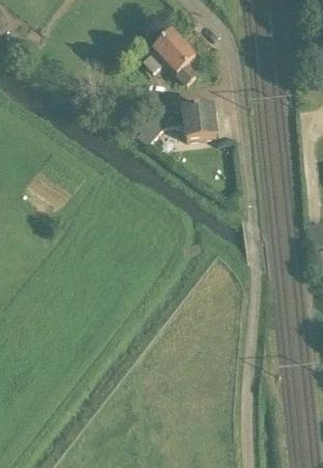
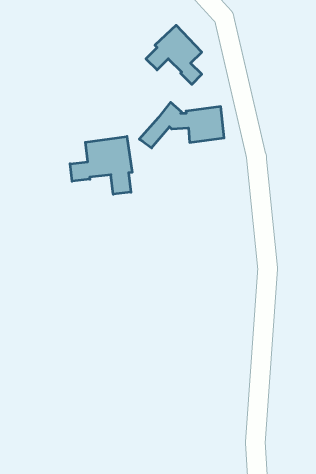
building: none -> [70,136,132,194]

